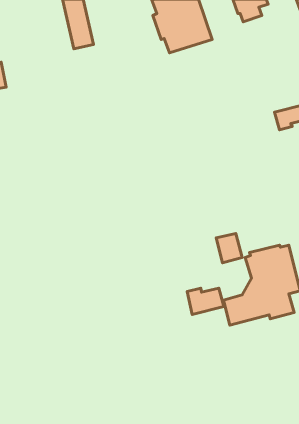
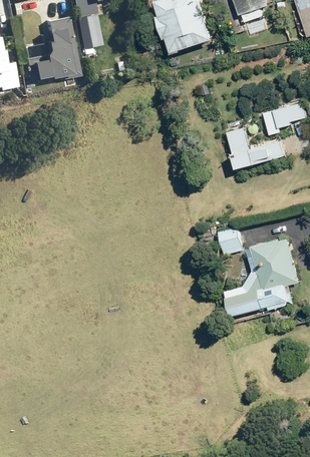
building: none -> [23,18,78,79]
building: none -> [228,126,284,166]
building: [187,288,224,315] -> none

